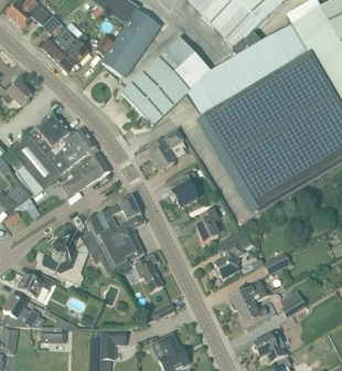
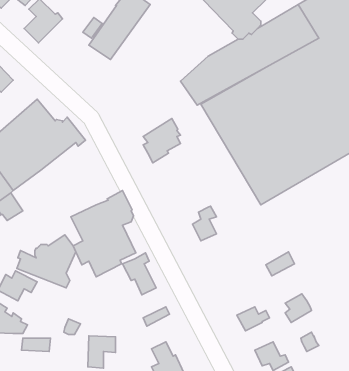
building: [54,31,88,72] -> none
building: [119,36,210,125] -> none
building: [58,152,109,195] -> none
building: [171,172,196,205] -> none
building: [213,233,253,277] -> none
building: [229,277,269,309] -> none

